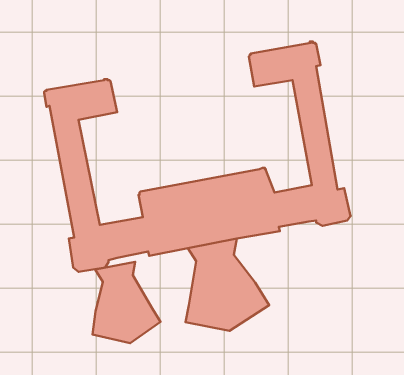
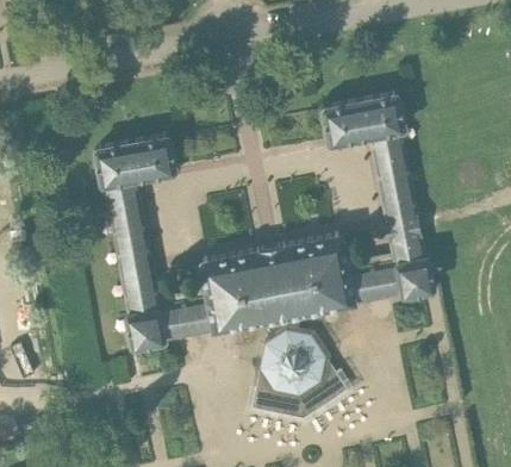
building: [92,262,160,343] -> none

